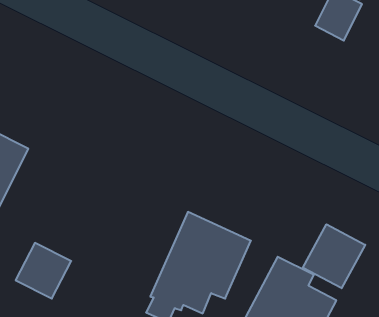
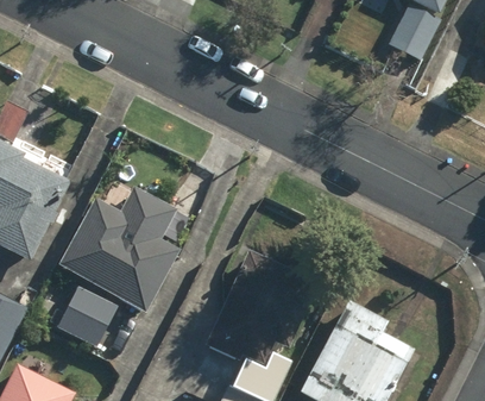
building: none -> [57,177,179,314]
building: [303,224,365,288] -> none

